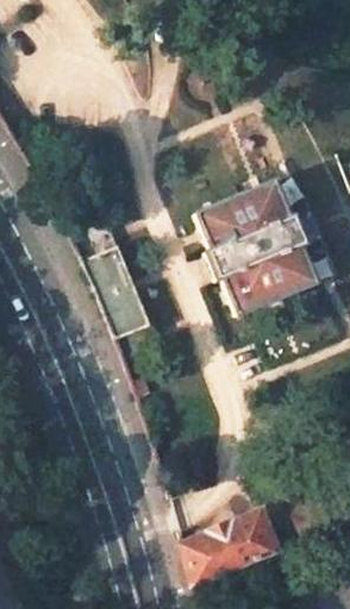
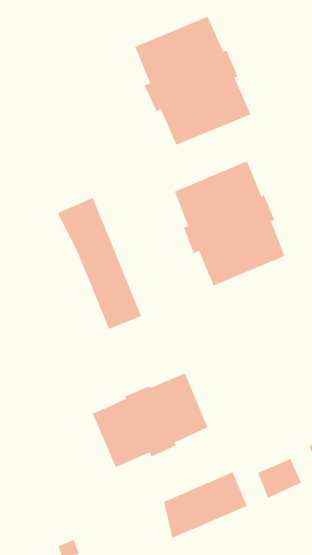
building: none -> [134,16,251,146]
building: none -> [92,372,208,468]

